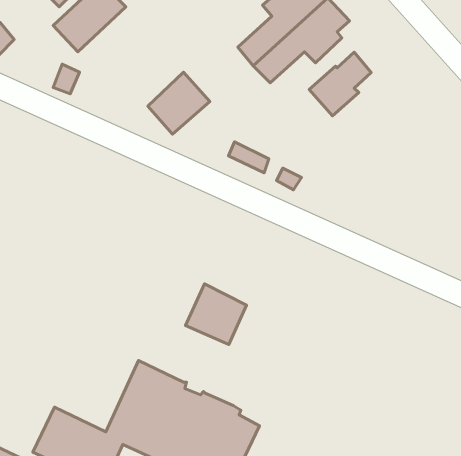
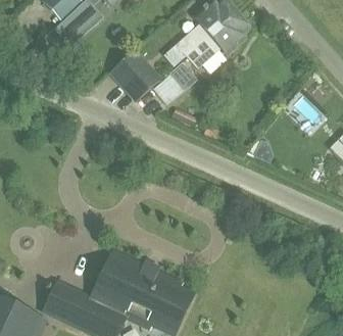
building: [309,52,371,116] -> [153,62,194,104]
building: [186,284,247,345] -> none

